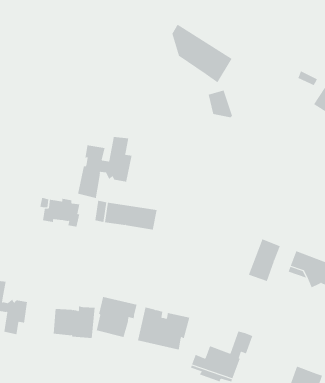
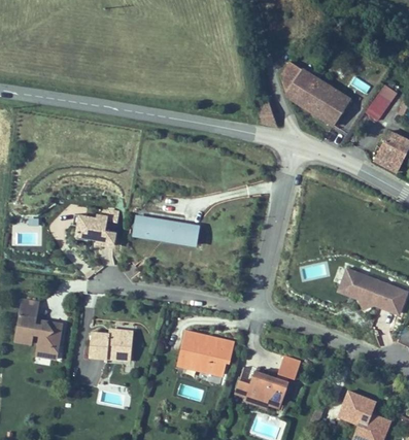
building: [171,24,232,83] -> [284,65,349,128]
building: [77,136,132,199] -> none
building: [248,238,281,282] -> none
building: [96,296,137,338] -> none

